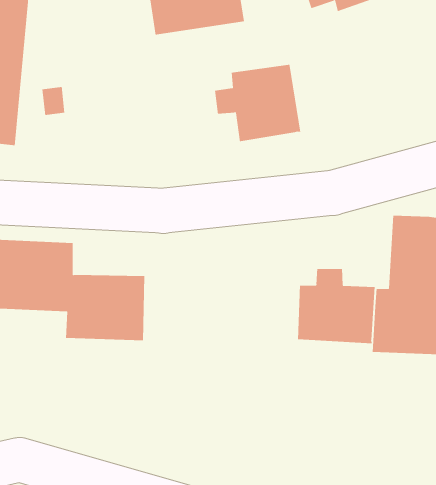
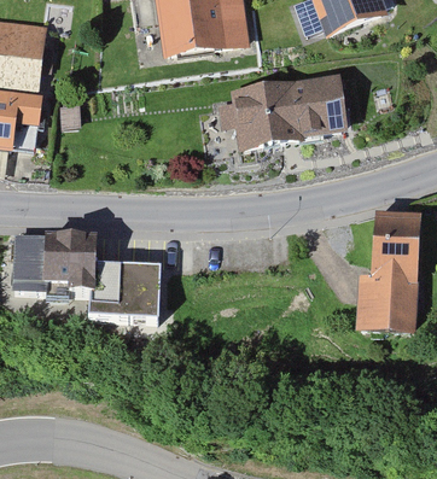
building: none -> [285,72,348,139]
building: [298,268,375,344] -> none

